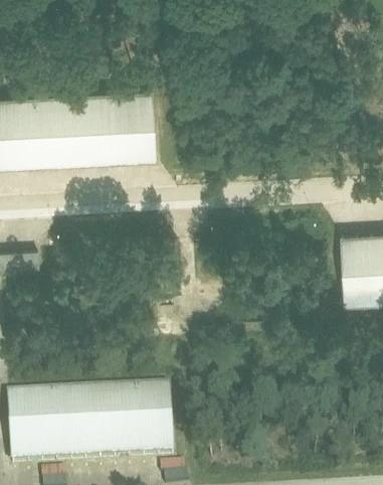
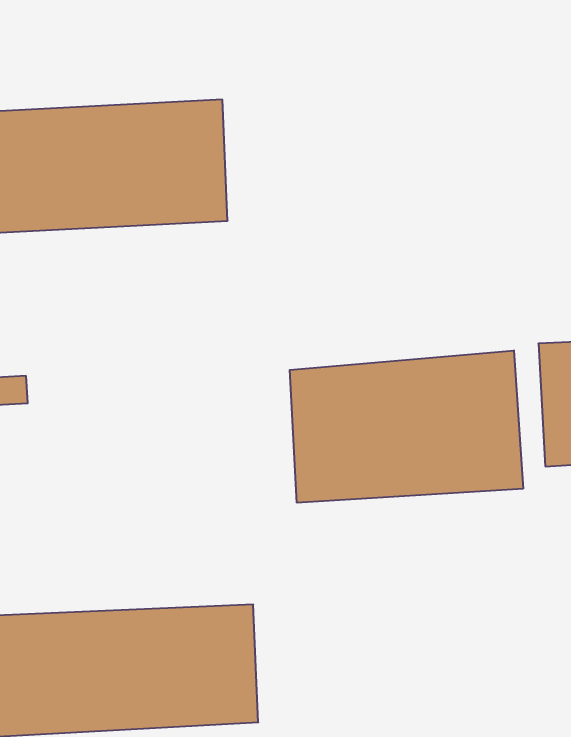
building: none -> [290,350,523,503]

